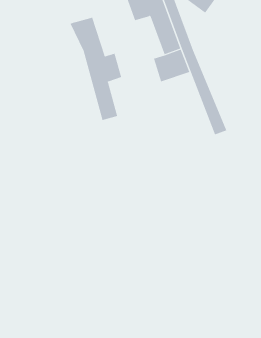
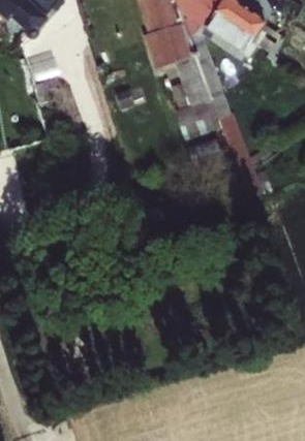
building: [70,17,122,121] -> none

